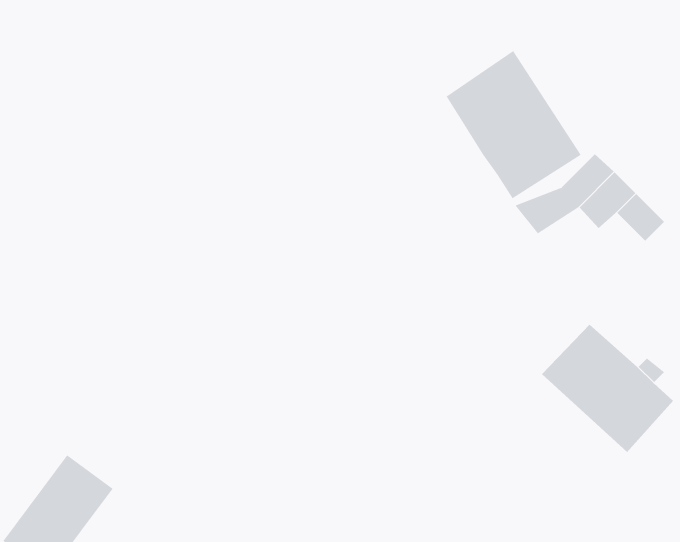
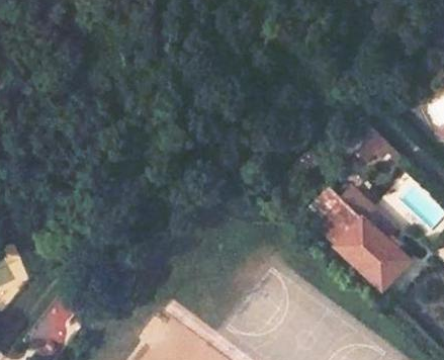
building: [446,50,582,199] -> none
building: none -> [302,187,361,246]

